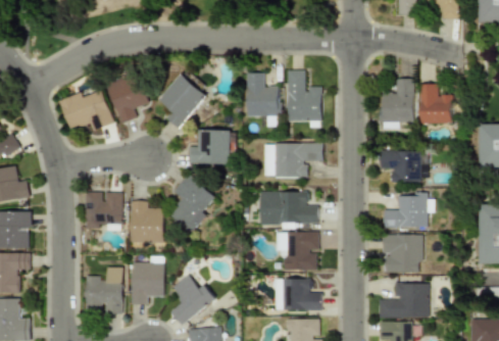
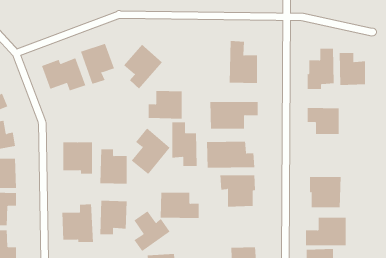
building: [247,72,279,127] -> [171,122,198,167]
building: [384,194,434,228] -> none
building: [273,279,321,310] -> [160,192,200,219]

